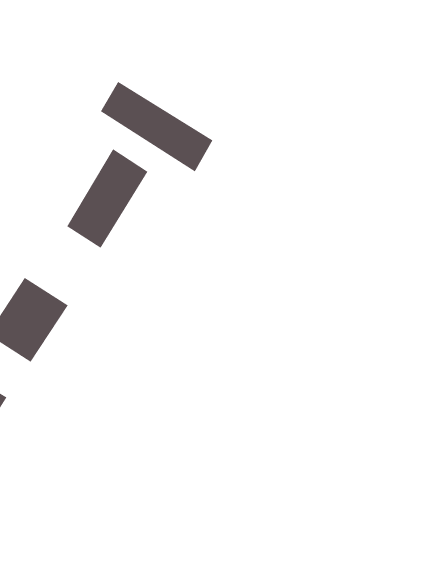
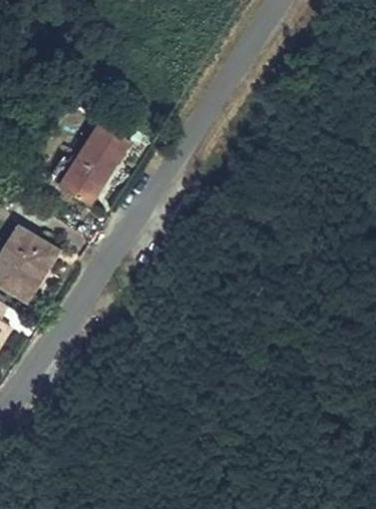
building: [100,81,214,172] -> none

